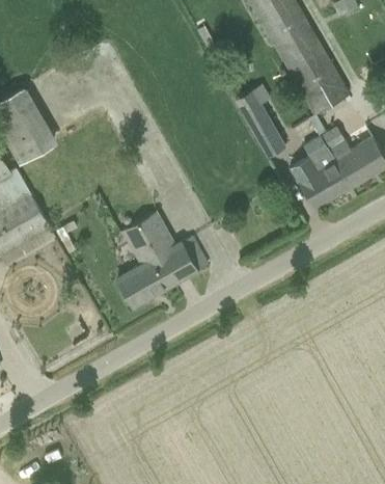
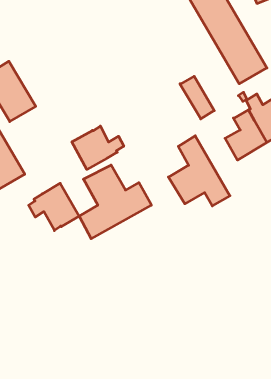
building: none -> [72,126,124,169]
building: none -> [168,136,230,206]
building: none -> [29,183,79,231]

